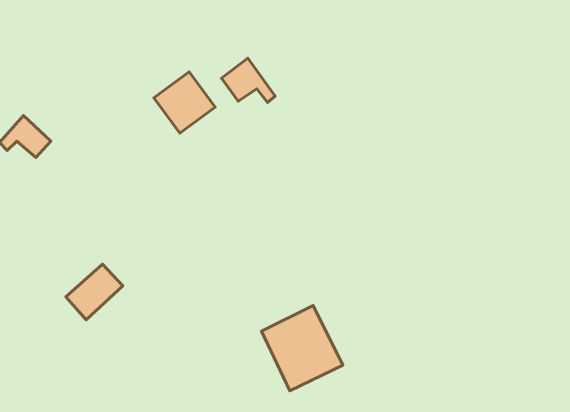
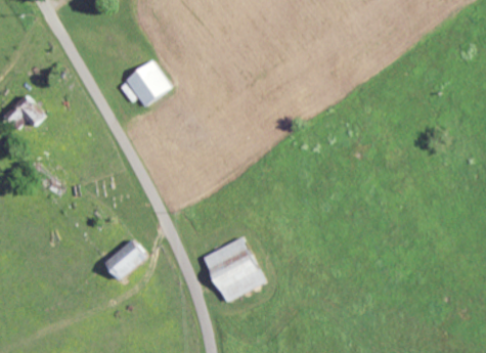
building: [221,58,275,103] -> none
building: [66,264,123,320] -> [103,238,146,280]

